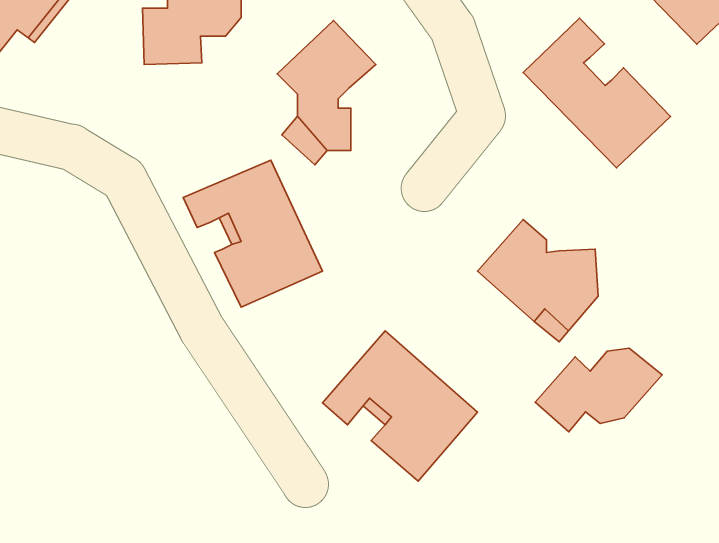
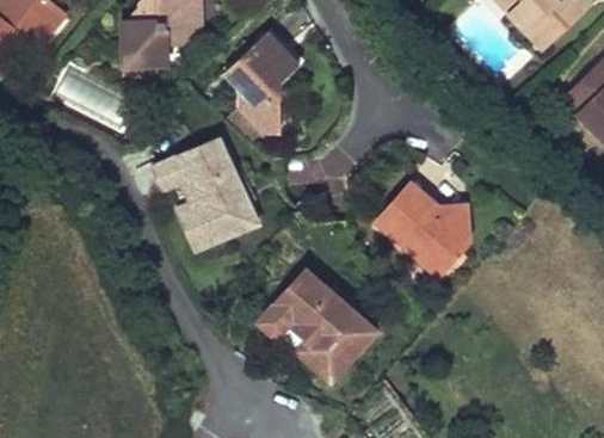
building: [523,18,670,168] -> none
building: none -> [55,67,127,127]
building: [535,348,662,432] -> none

